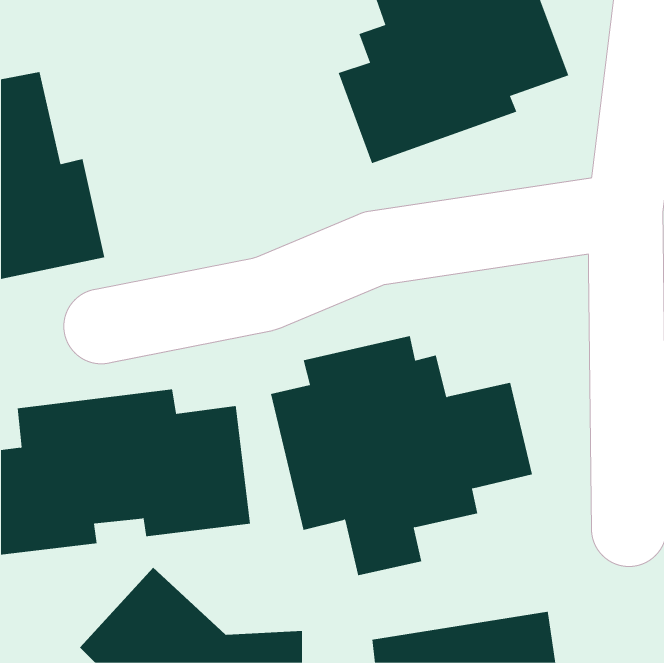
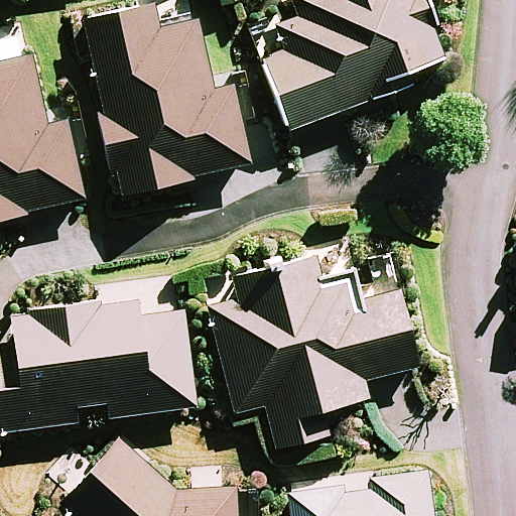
building: none -> [86,6,248,195]

